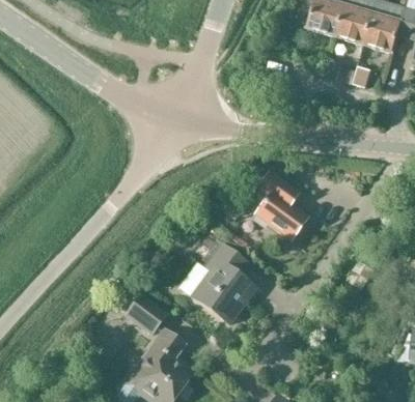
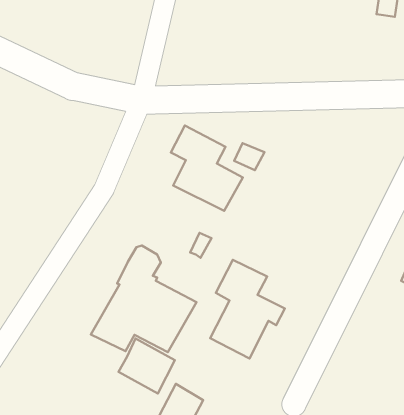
building: [255,170,308,238] -> [171,126,243,211]
building: none -> [91,245,197,352]

